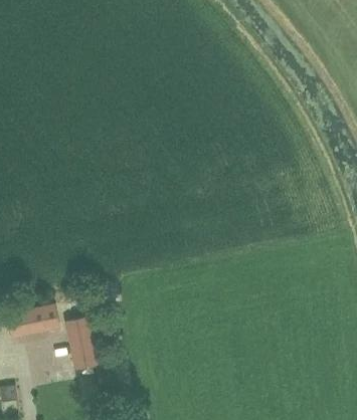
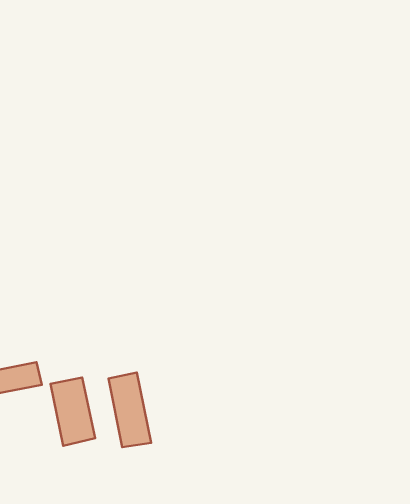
building: none -> [108,373,151,447]

